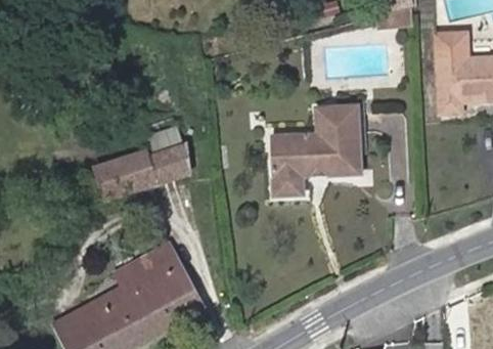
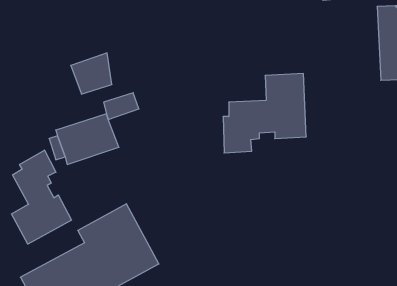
building: [148,140,192,184] -> [71,53,112,94]
building: none -> [11,150,71,244]

